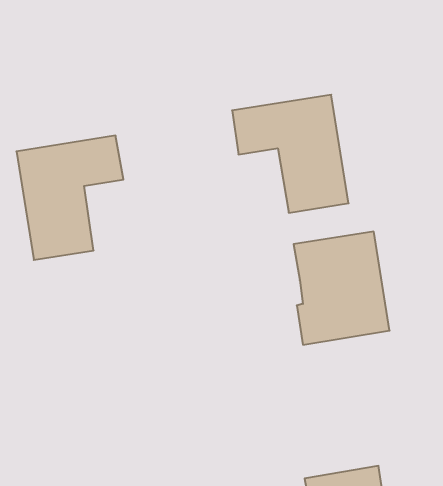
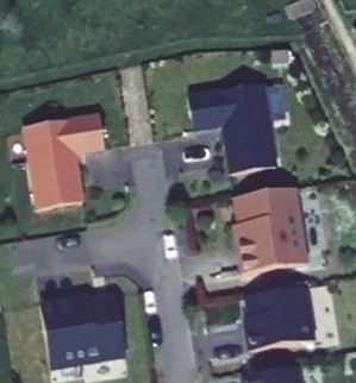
building: none -> [245,285,316,349]
building: none -> [42,295,127,368]

